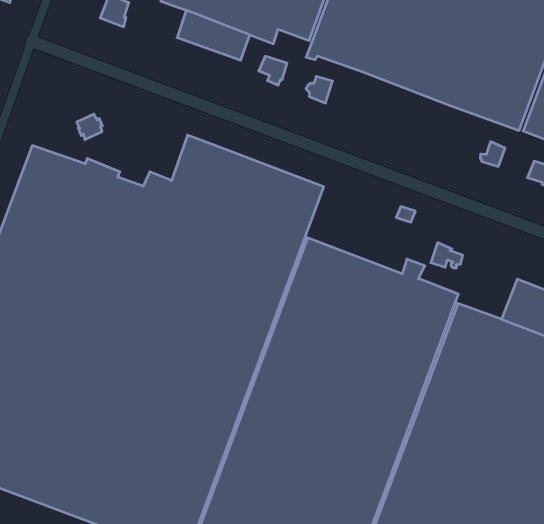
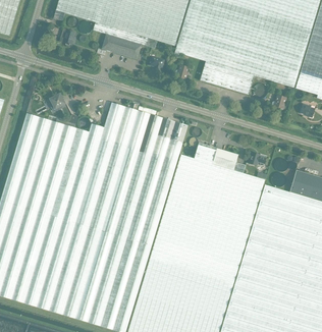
building: none -> [199,61,254,95]
building: none -> [194,143,238,170]

